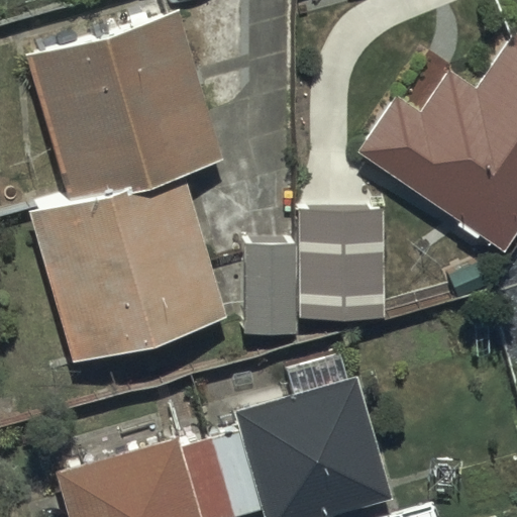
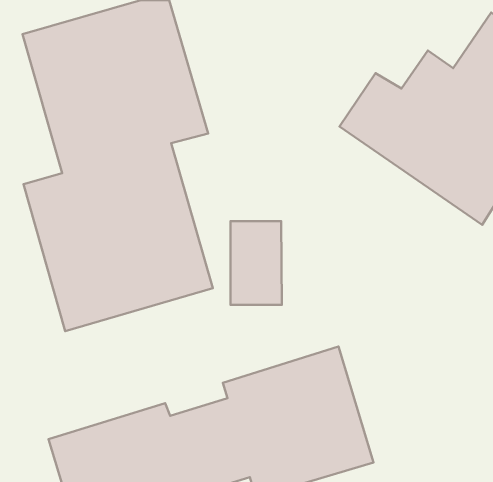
building: [300,210,383,319] -> none

